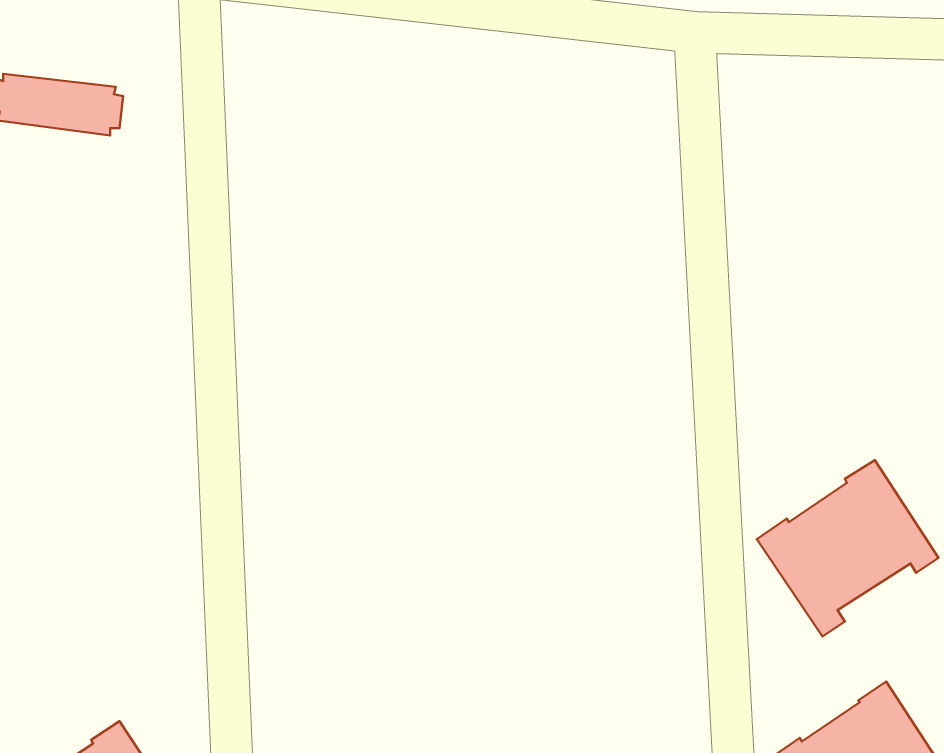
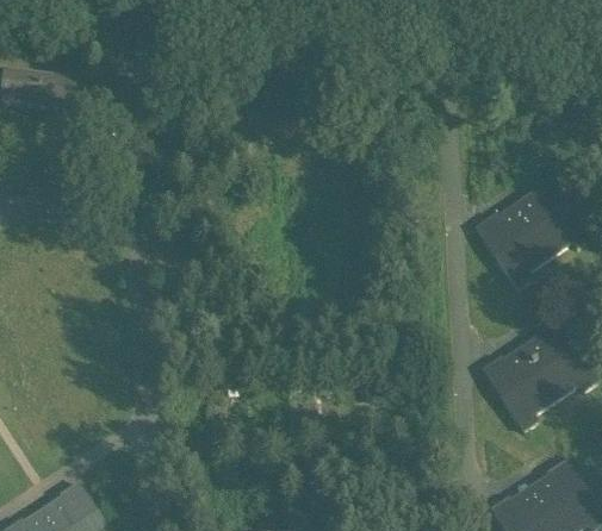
building: none -> [474,177,590,289]

